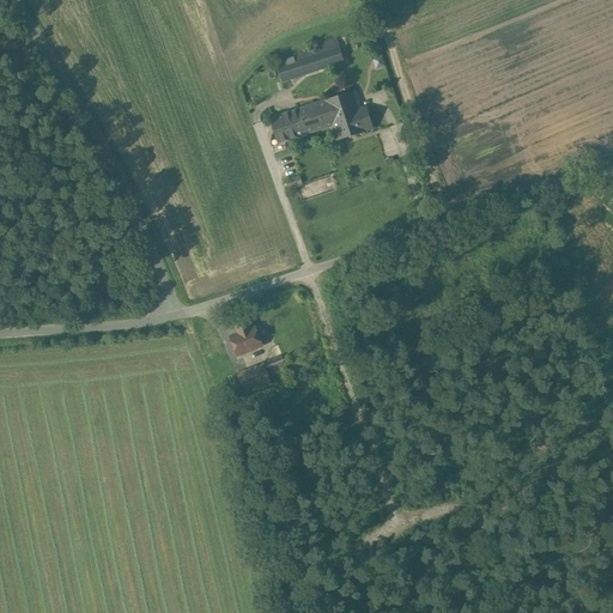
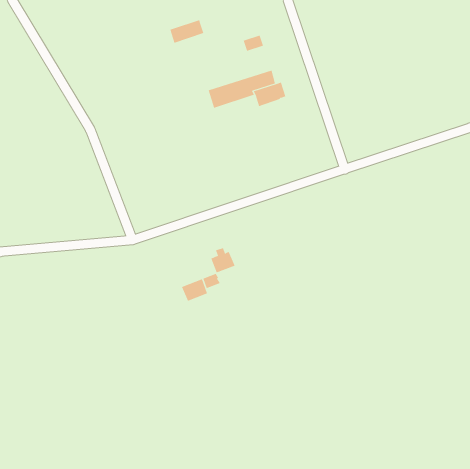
building: [275,49,321,80] -> [169,20,204,43]
building: [230,321,262,354] -> [211,247,235,273]

